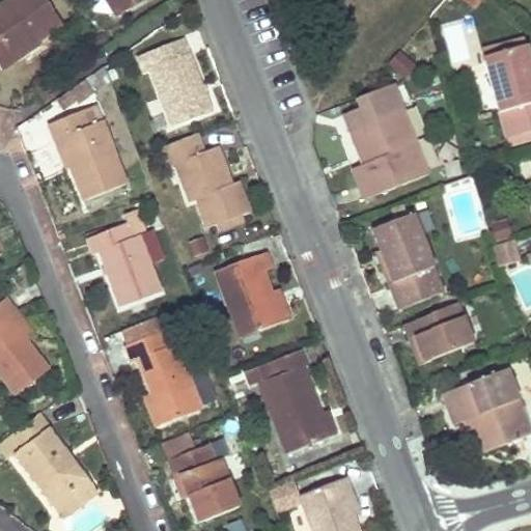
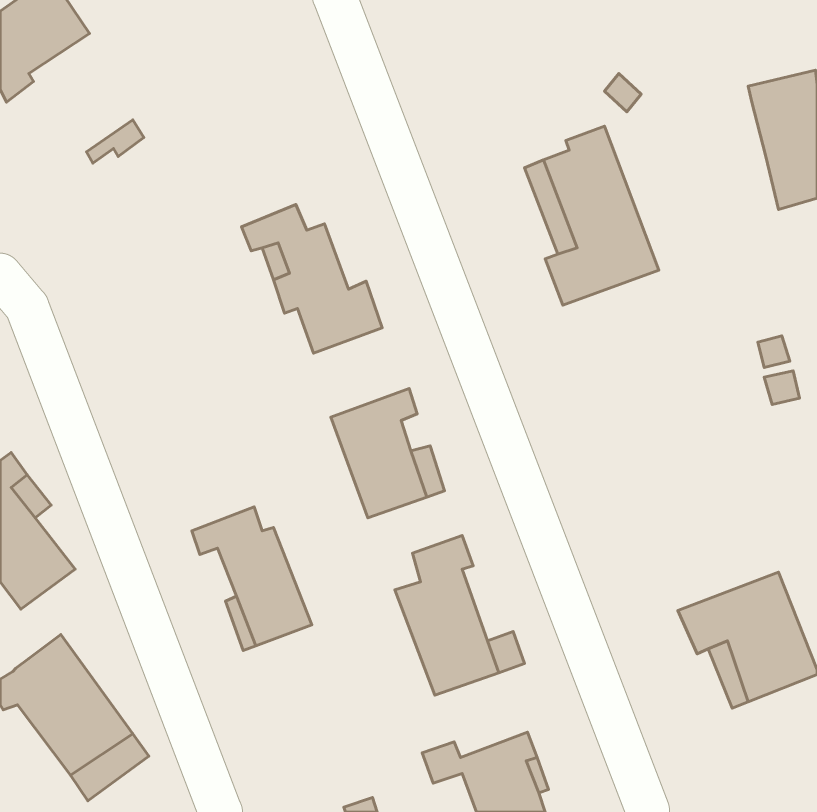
building: [149,39,206,124] -> none
building: [47,107,130,196] -> none
building: [375,215,443,309] -> none
building: [92,222,167,301] -> none
building: [411,301,475,364] -> none
building: [169,442,244,514] -> none

